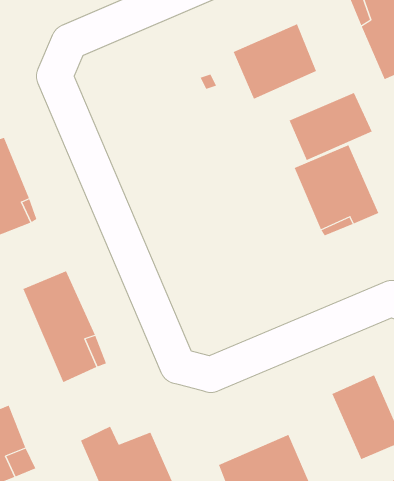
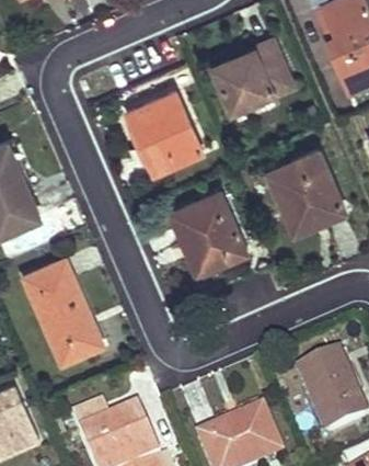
building: none -> [127,94,203,174]
building: [289,92,373,161] -> none
building: none -> [171,192,246,275]

